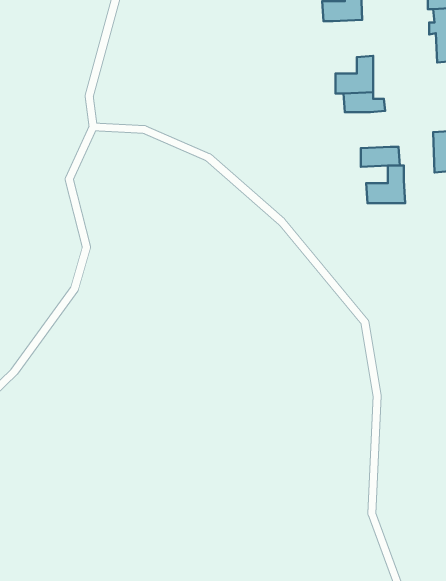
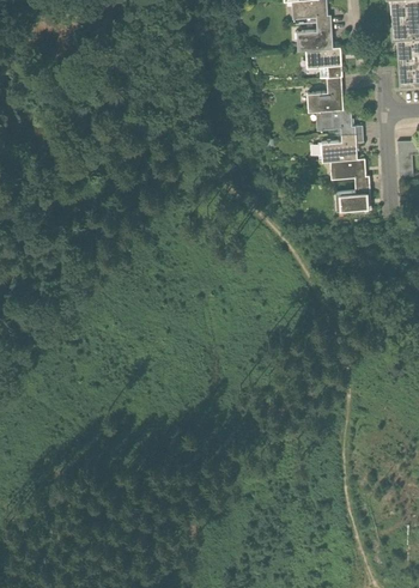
building: none -> [305,46,341,79]
building: none -> [321,127,362,160]

